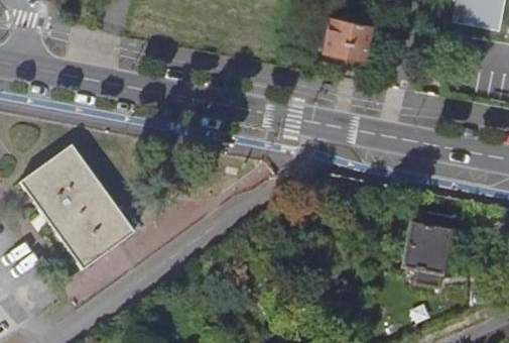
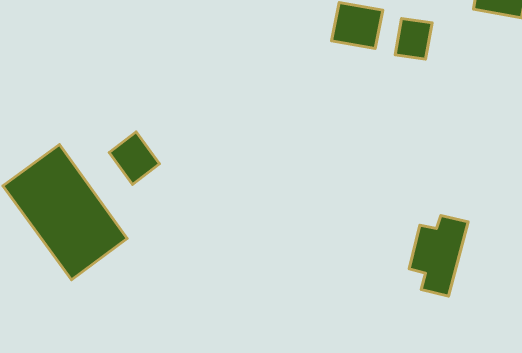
building: none -> [395,18,432,59]
building: none -> [109,132,160,185]

